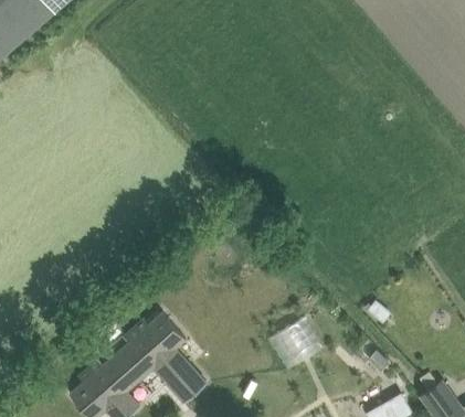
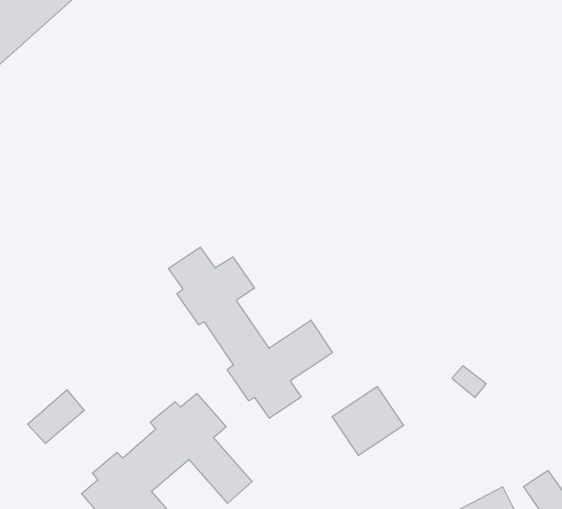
building: none -> [169,247,333,418]
building: none -> [28,390,84,444]

